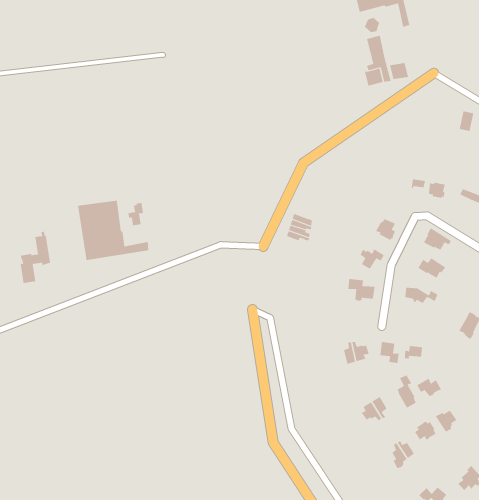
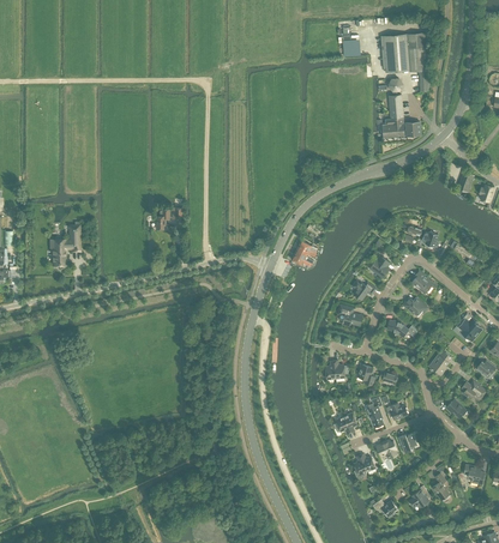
building: [78,200,149,261] -> none

